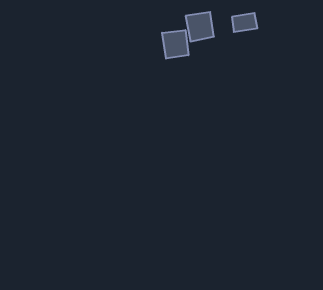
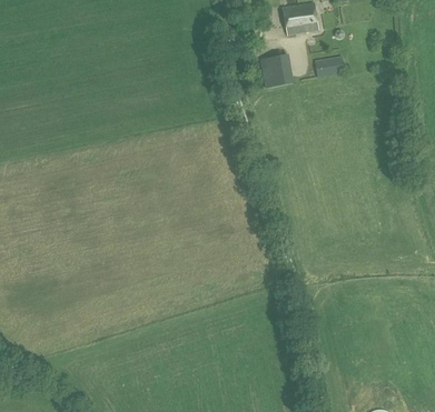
building: [162,30,188,59] -> none

